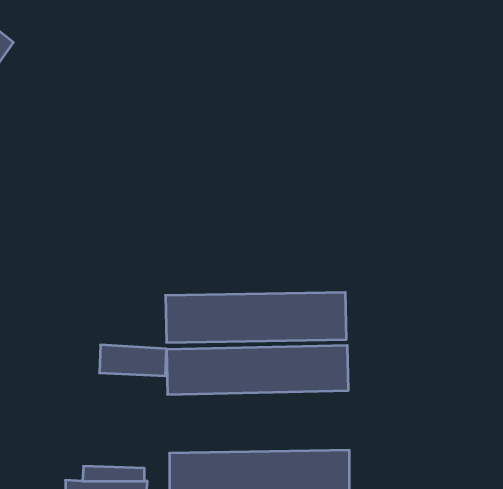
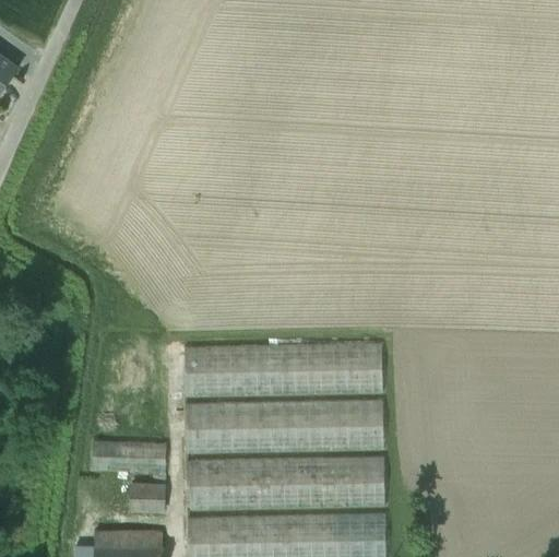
building: [99,345,166,376] -> [91,437,164,471]
building: none -> [186,455,384,511]
building: none -> [131,481,166,510]

